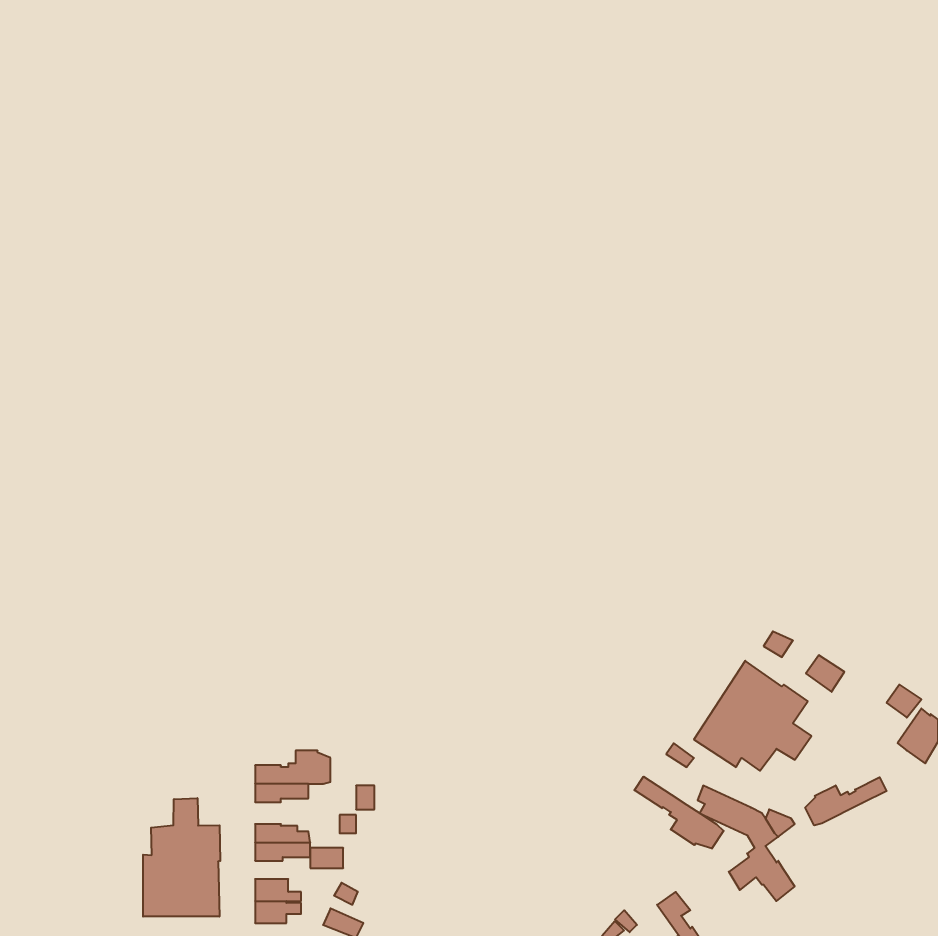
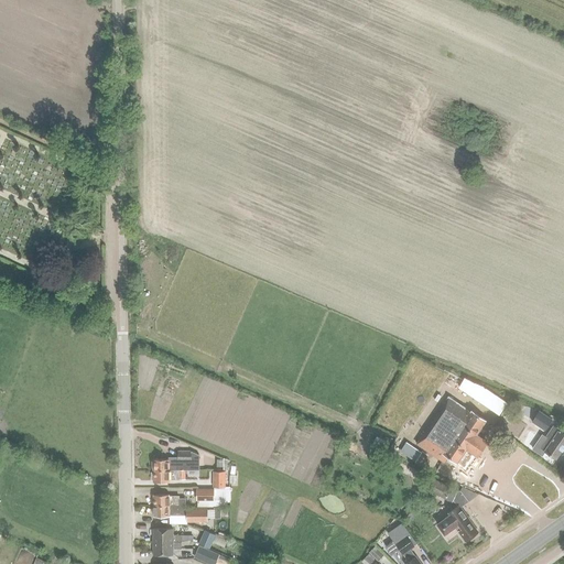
building: [634,777,724,849] -> none
building: [805,777,887,825] -> none
building: [143,798,220,917] -> none

